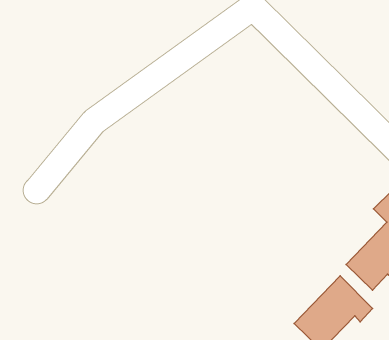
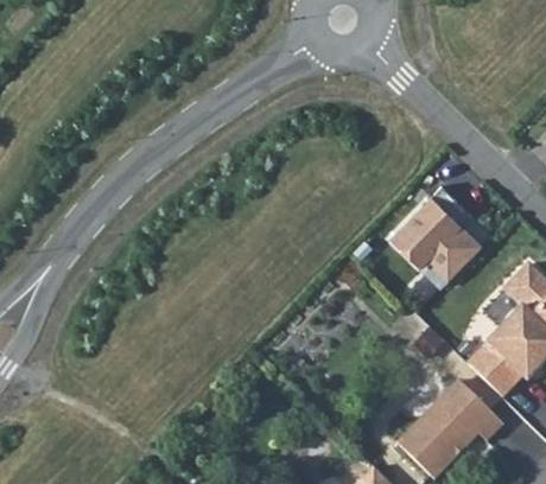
building: none -> [386,195,480,279]

